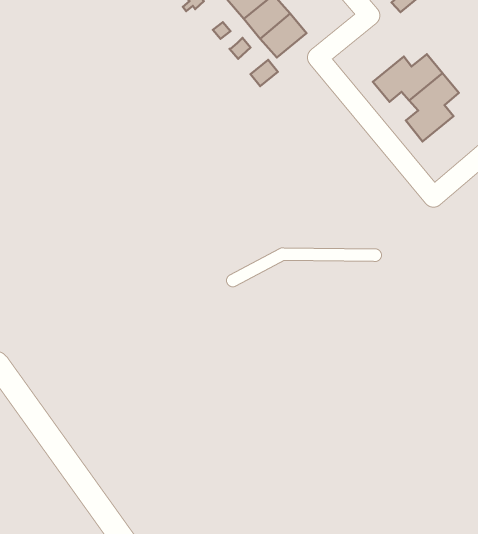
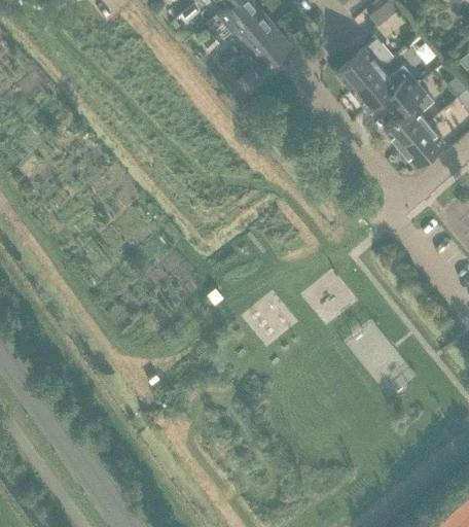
building: none -> [336,39,392,92]
building: none -> [399,124,443,166]

